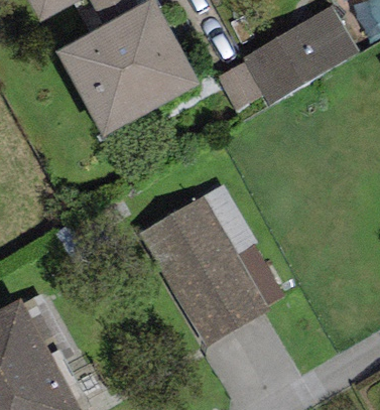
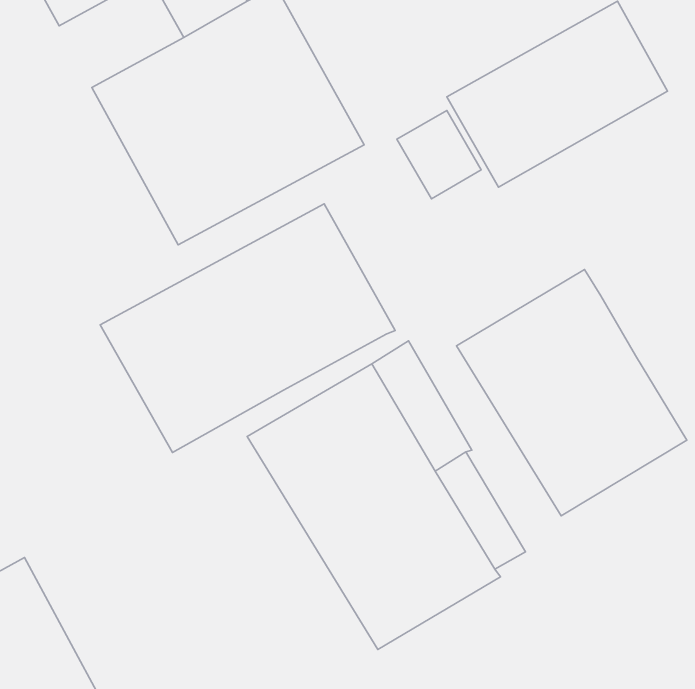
building: none -> [100,204,395,453]
building: none -> [457,269,687,516]

